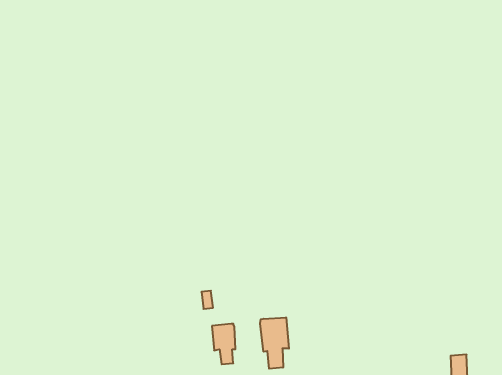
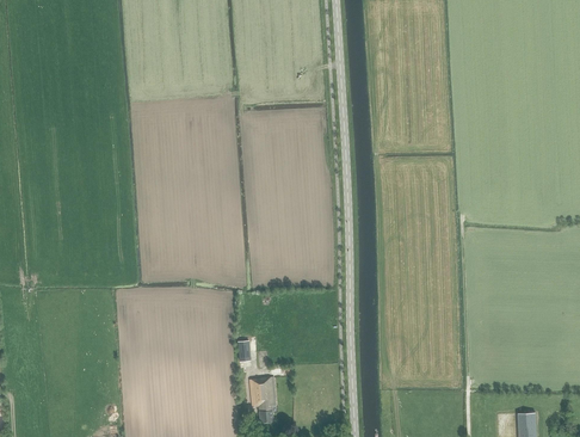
building: [260,317,289,369] -> none

